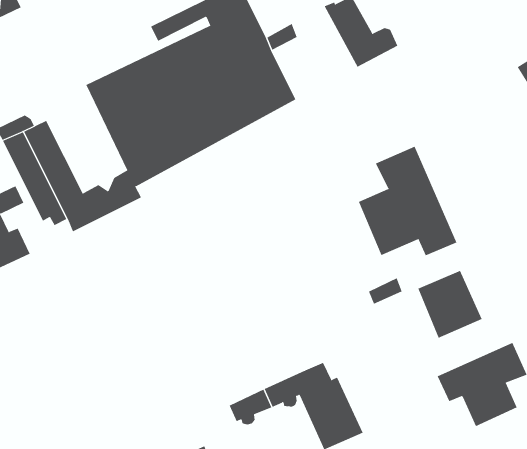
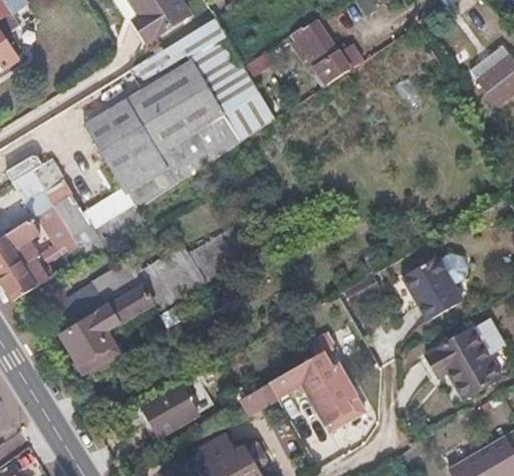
building: [358,146,457,256] -> none
building: none -> [58,228,248,373]
building: none -> [137,374,215,440]

